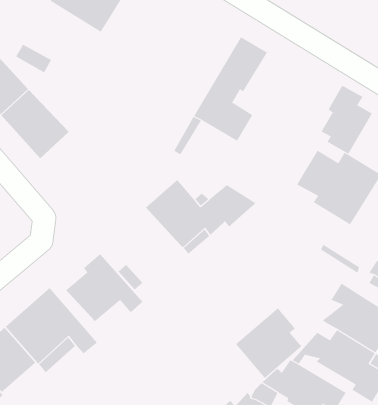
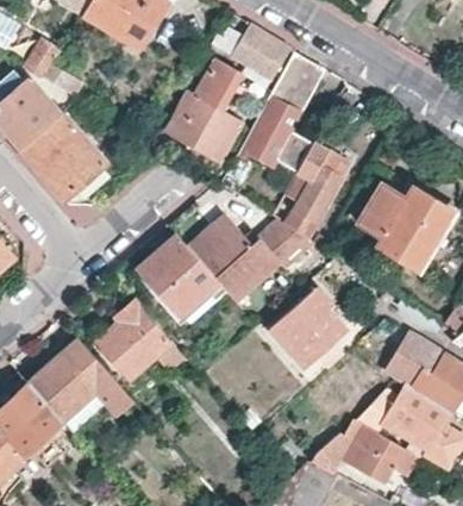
building: none -> [231,25,290,82]
building: none -> [162,58,239,161]
building: [320,85,373,154] -> [286,142,345,220]
building: none -> [138,233,226,319]
building: [235,307,302,379] -> [269,286,345,367]

